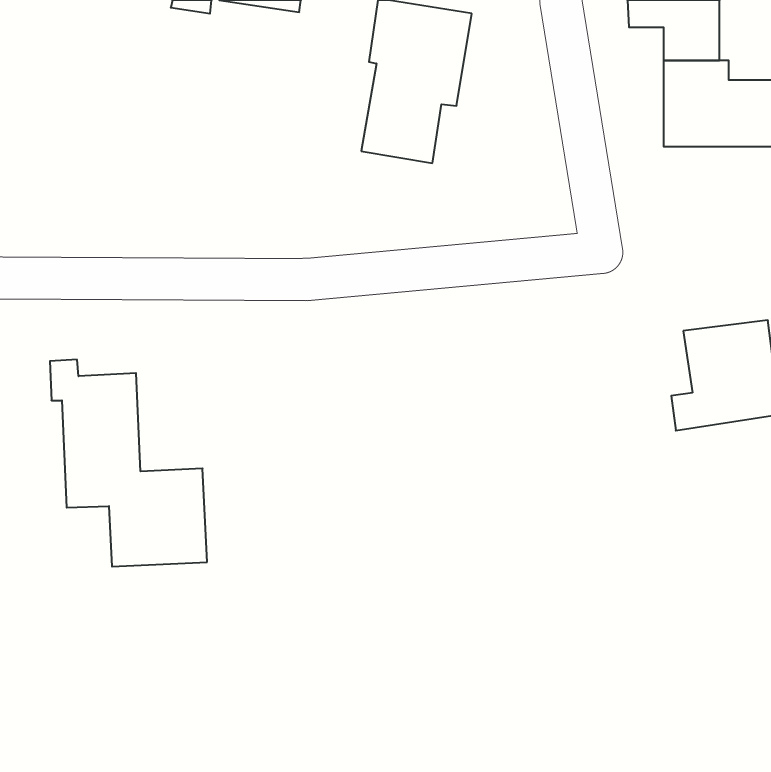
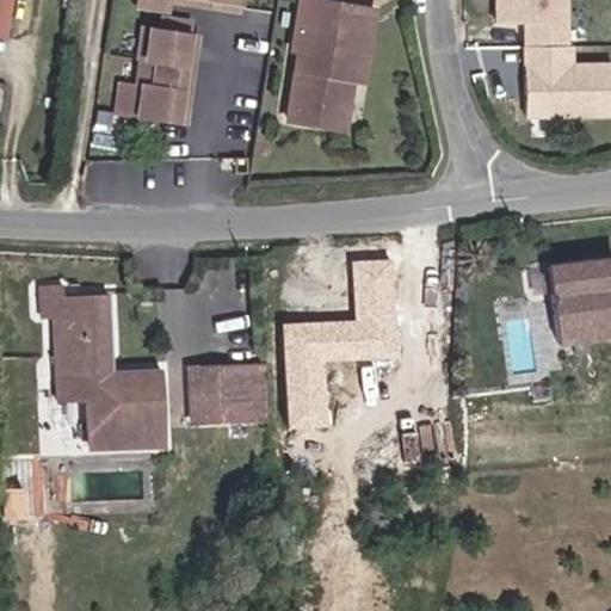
building: none -> [116,24,197,123]
building: none -> [285,261,399,428]
building: none -> [191,366,263,421]

